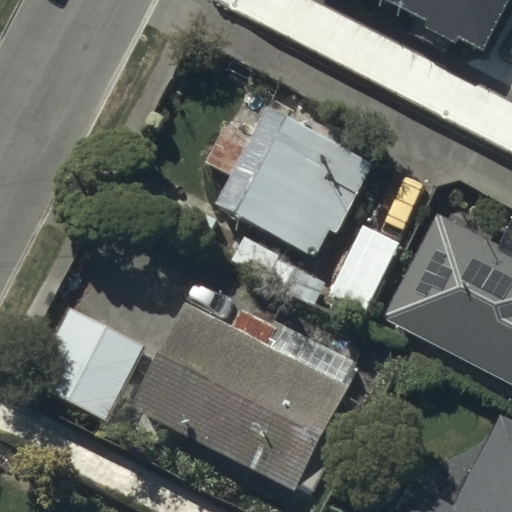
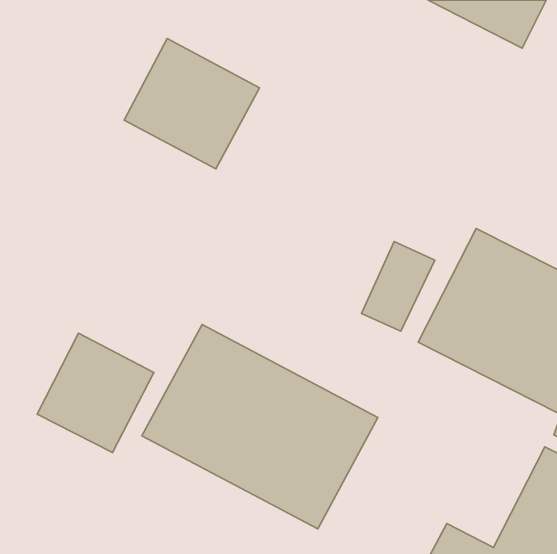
building: none -> [124,38,260,169]
building: [208,104,375,259] -> none

